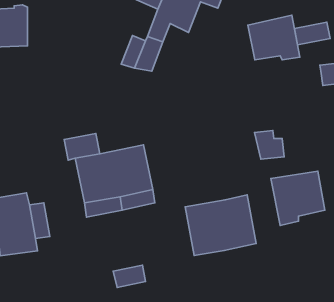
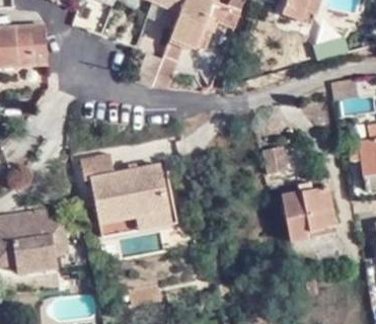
building: [248,15,300,60] -> none
building: [185,195,256,256] -> none

